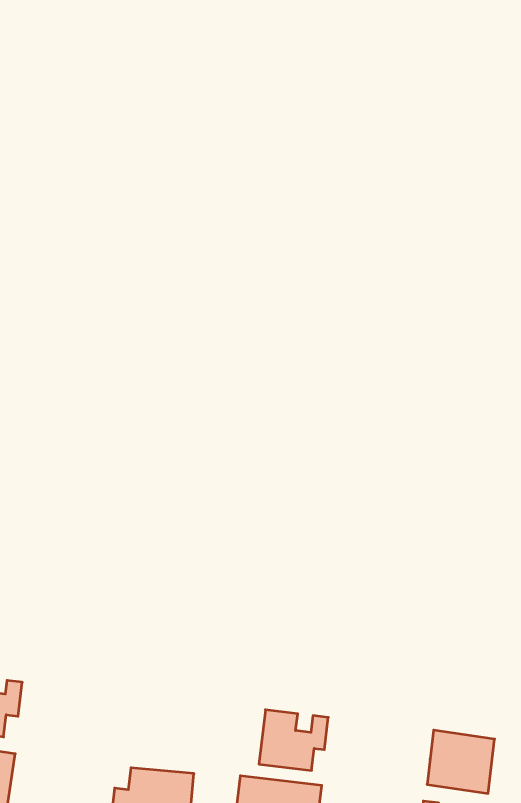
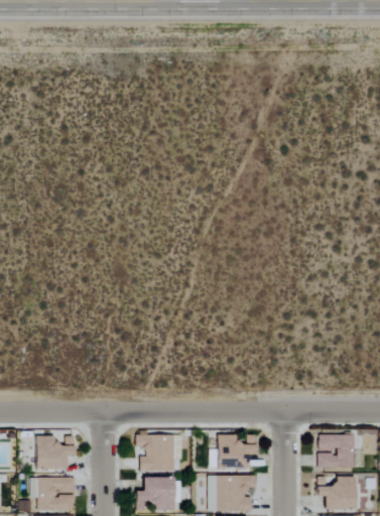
building: none -> [135,435,174,472]

